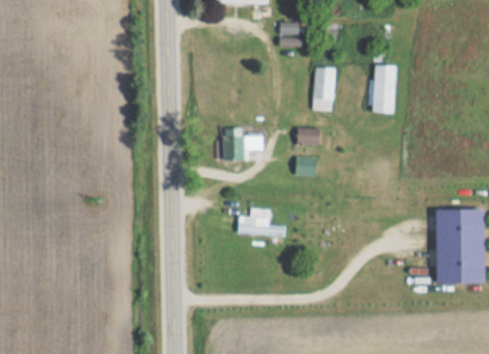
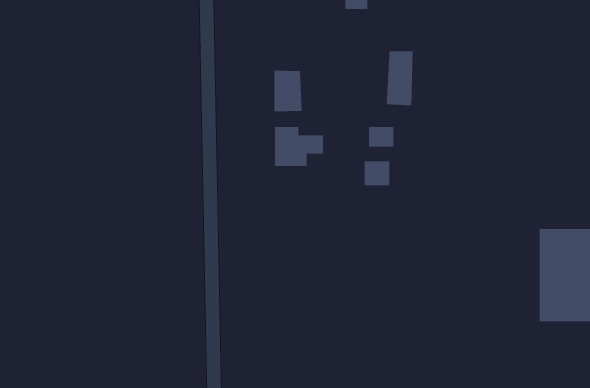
building: [371,65,397,114] -> none
building: none -> [274,70,302,112]
building: [239,208,284,236] -> none

